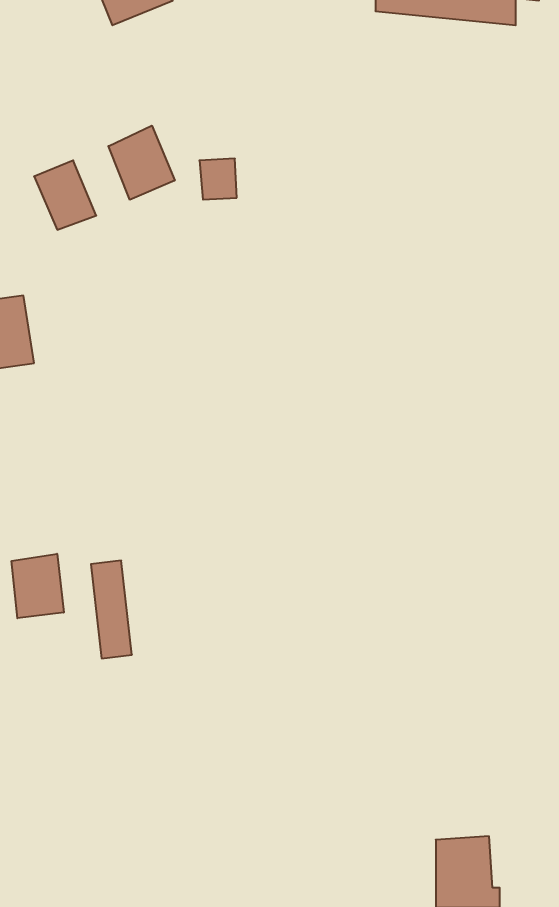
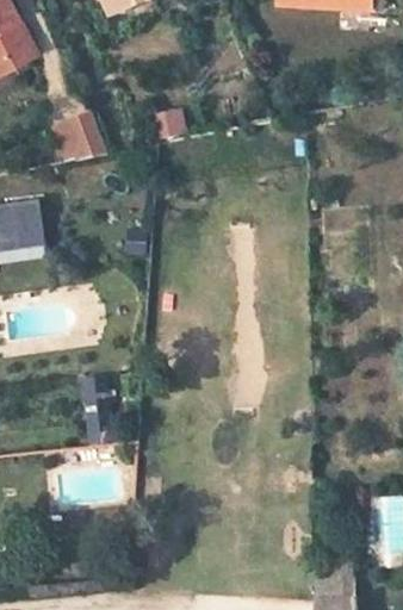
building: [108,126,175,200] -> none
building: [12,554,64,618] -> none

